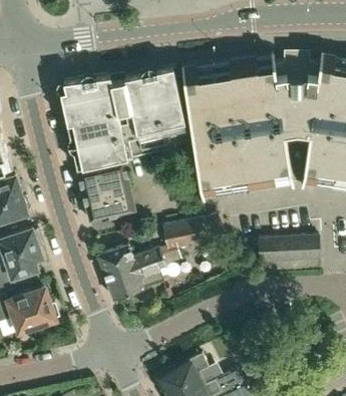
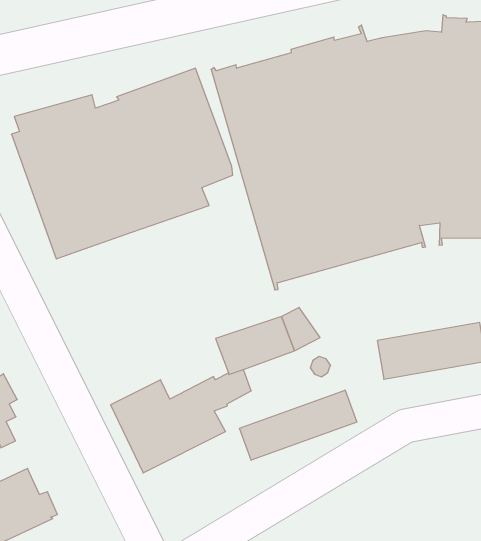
building: [77,159,135,221] -> none
building: none -> [239,390,357,460]

